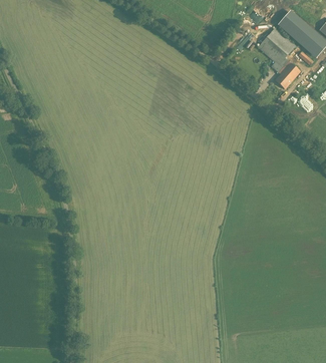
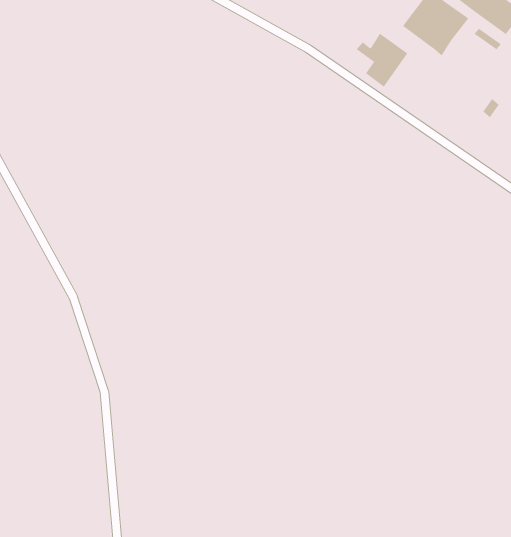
building: [271,58,300,89] -> [356,33,408,88]

